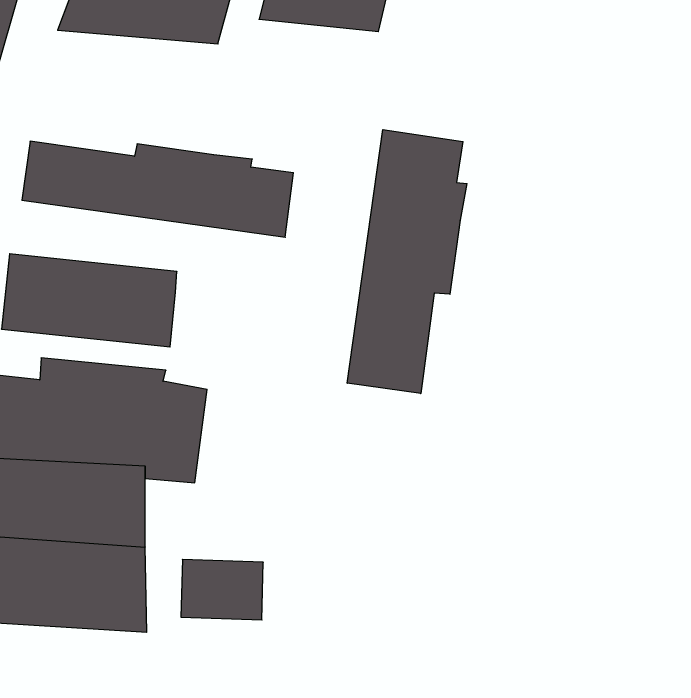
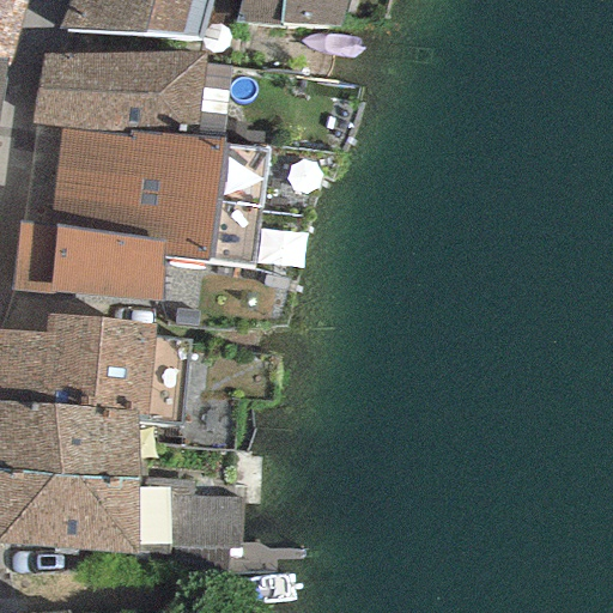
building: none -> [19,50,196,136]
building: [347,130,467,394] -> none
building: none -> [8,175,249,265]

